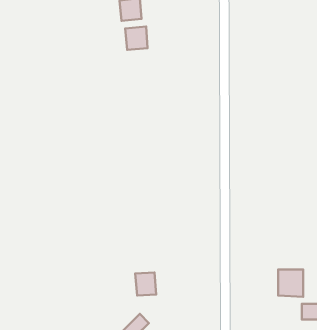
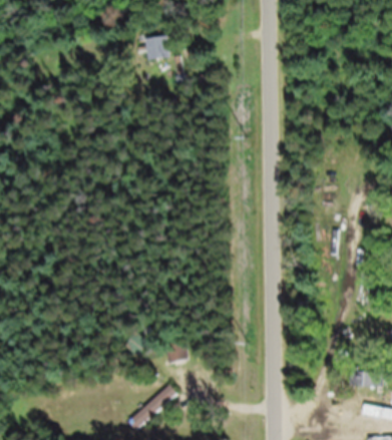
building: [125,26,147,50] -> none
building: [278,270,303,297] -> none

